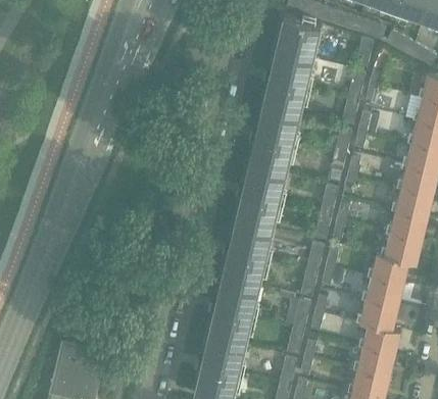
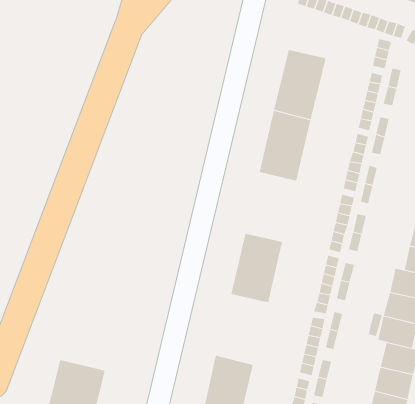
building: [276,22,319,63] -> none
building: [235,170,284,236] -> none
building: [207,285,257,351] -> none

